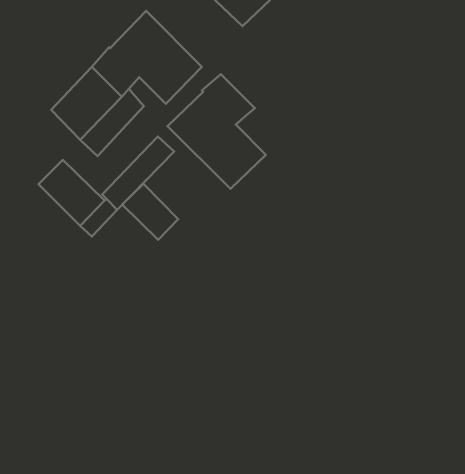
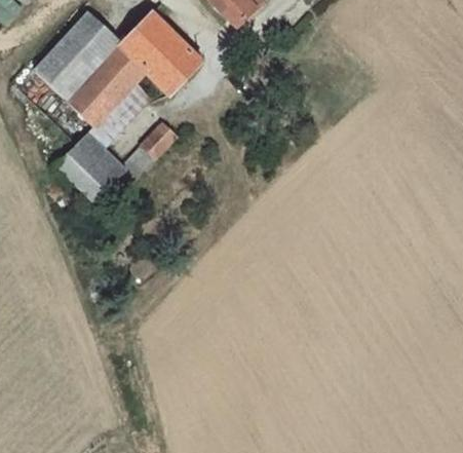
building: none -> [34,10,120,98]
building: [168,74,266,189] -> none
building: [122,184,178,240] -> none

